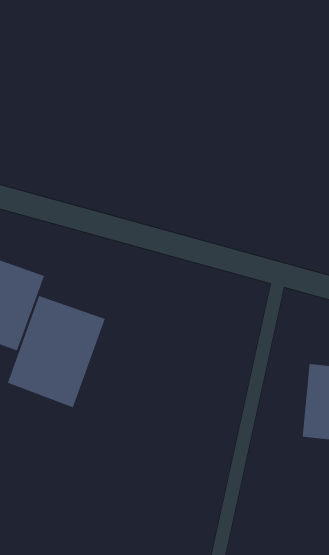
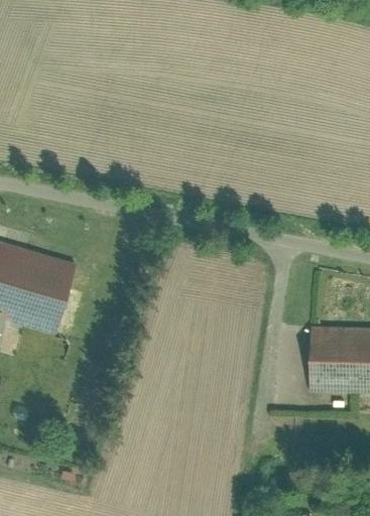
building: [7,295,105,408] -> none

